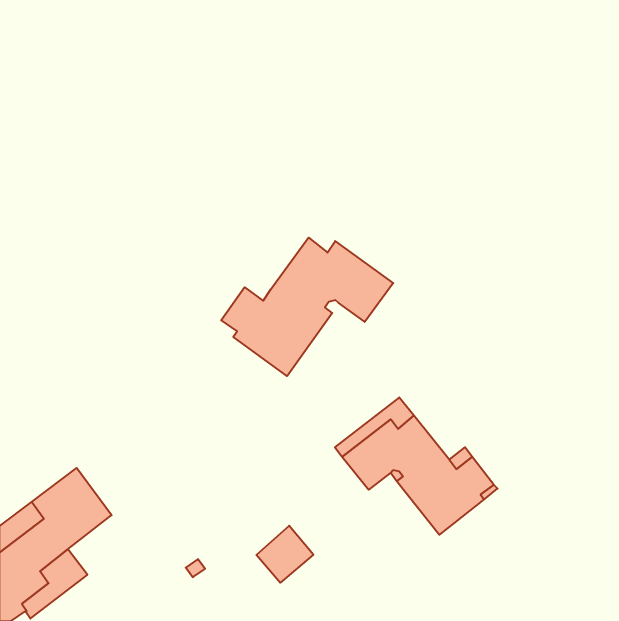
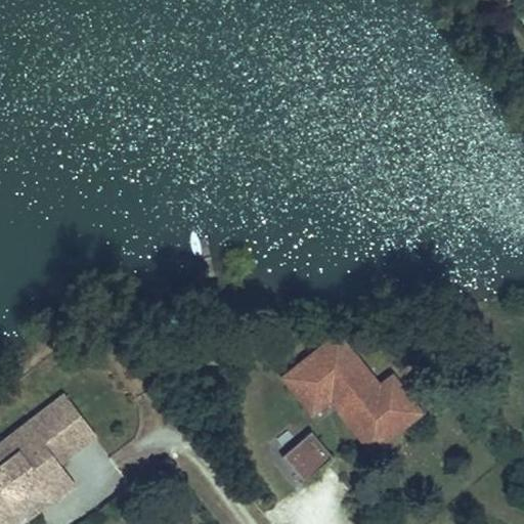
building: [221,238,393,376] -> none
building: [256,526,313,583] -> [282,432,331,480]

